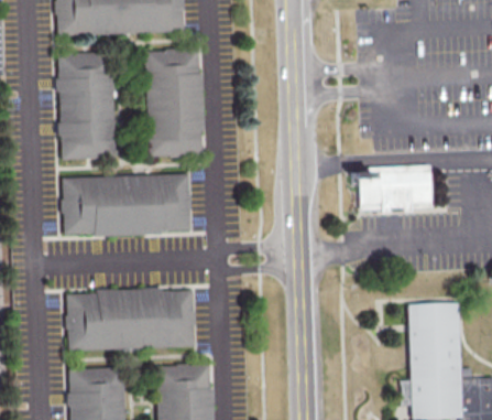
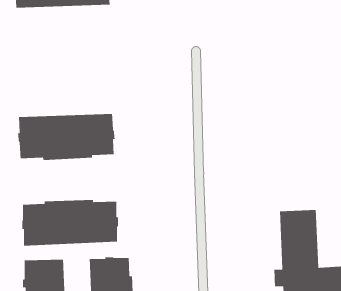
building: [143,50,204,159] -> none
building: [55,52,114,160] -> none
building: [352,165,437,211] -> none

